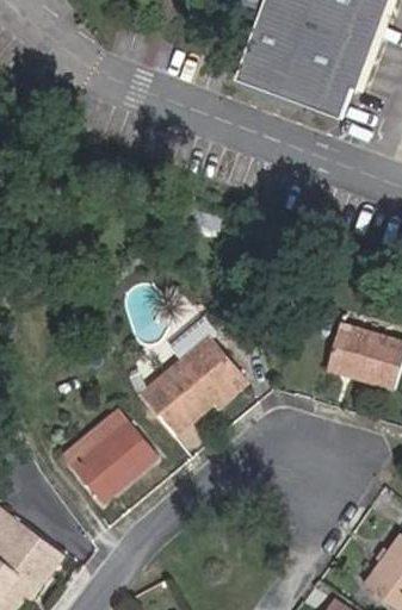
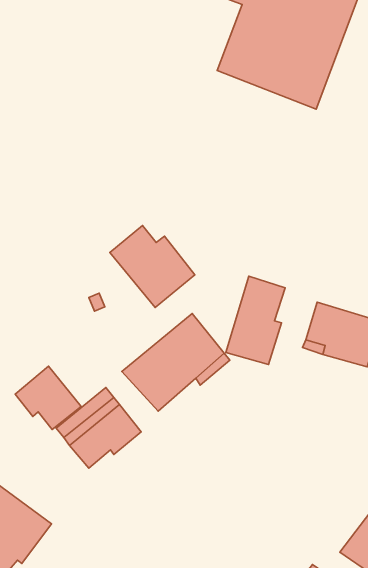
building: none -> [110,226,195,308]
building: none -> [226,276,285,365]
building: none -> [15,366,81,430]

